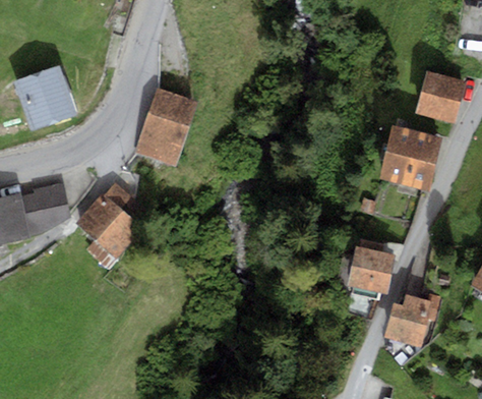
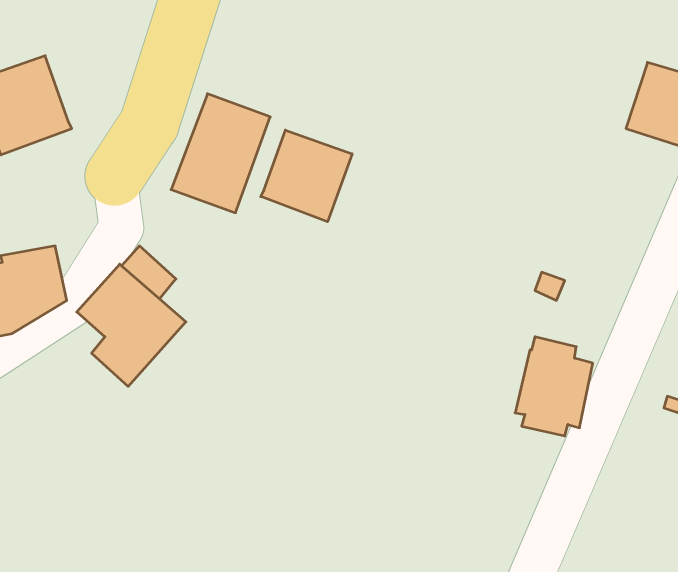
building: none -> [261,130,352,222]
building: [379,125,441,190] -> none
building: [386,295,441,347] -> none

